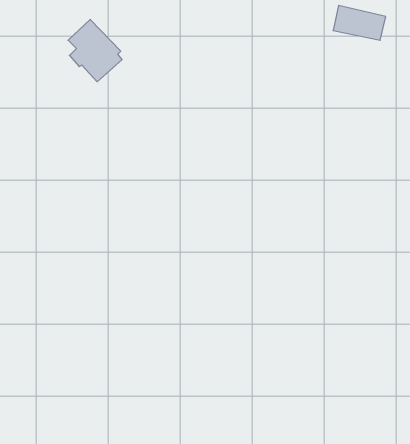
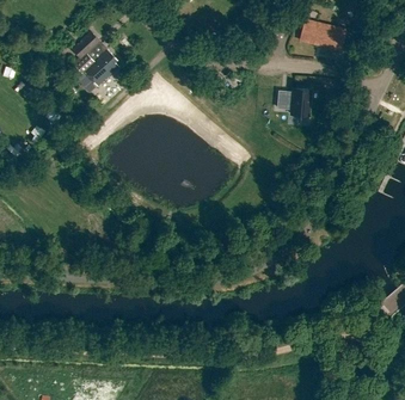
building: none -> [278,88,312,116]

